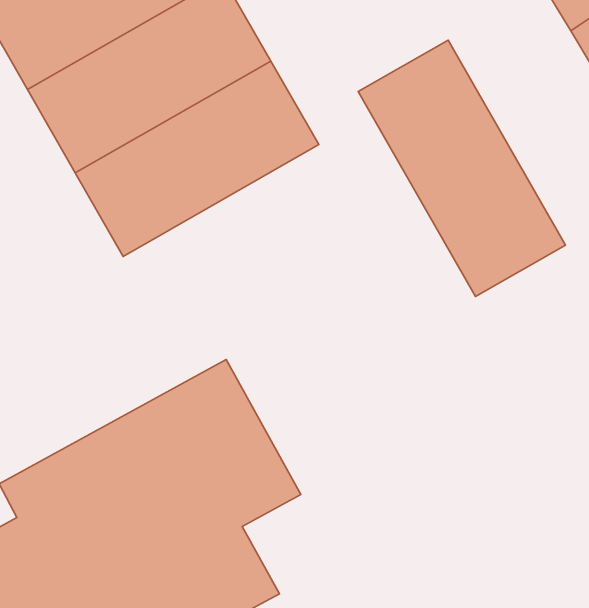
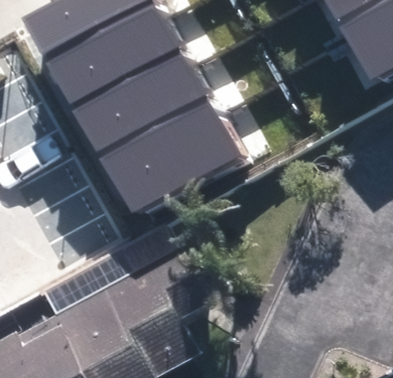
building: [358,40,566,297] -> none
building: none -> [105,107,242,217]

